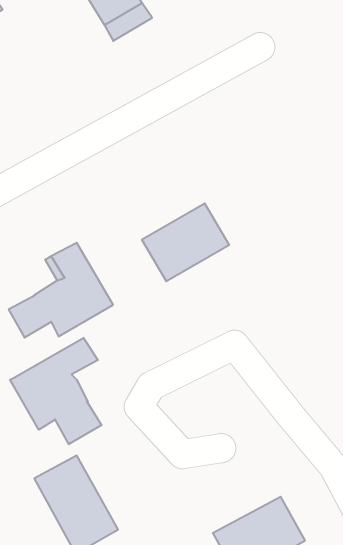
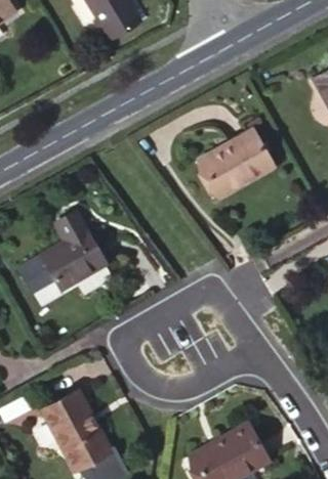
building: [142,203,229,281] -> [199,130,273,195]
building: [10,338,102,444] -> none

